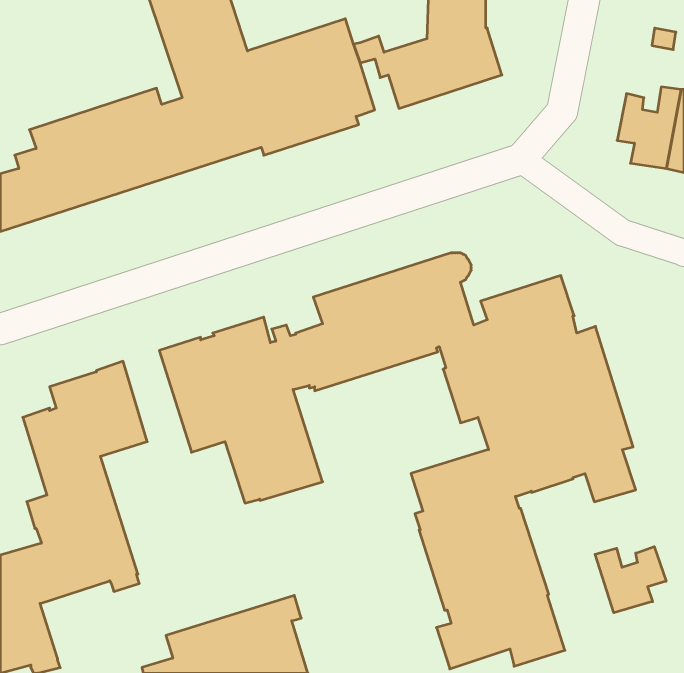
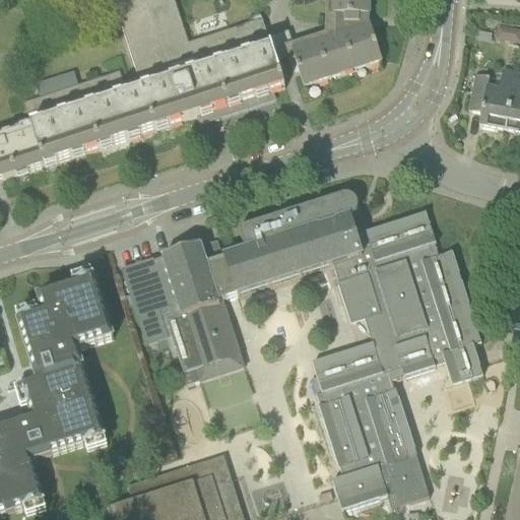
building: [595,547,666,613] -> none

